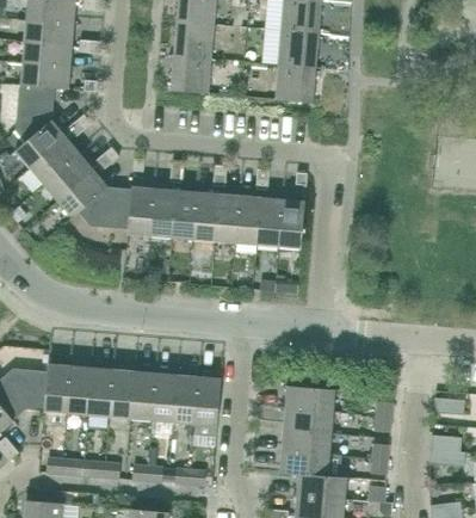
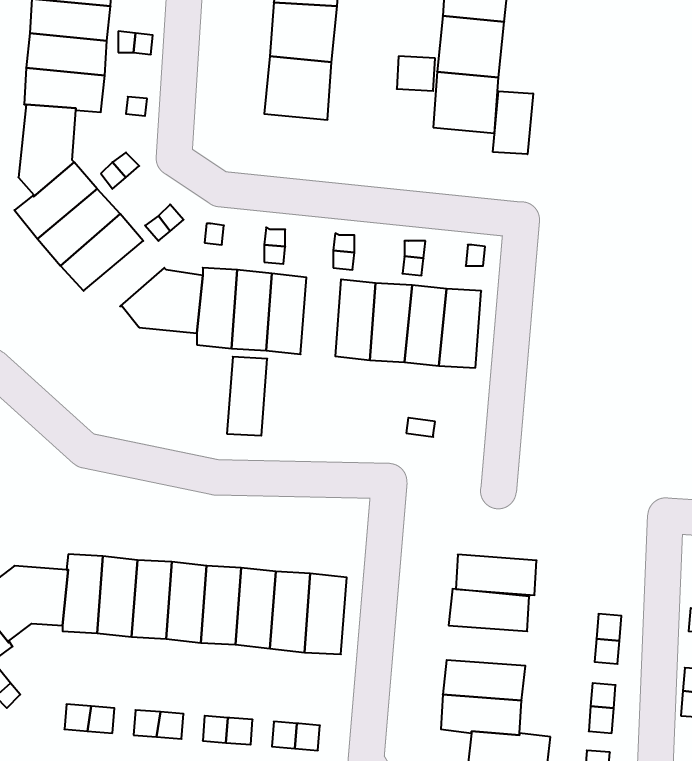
building: none -> [493,91,533,154]
building: [57,169,107,218] -> none
building: [192,192,217,241] -> [227,357,267,436]
building: [283,408,333,433] -> [456,555,537,595]

